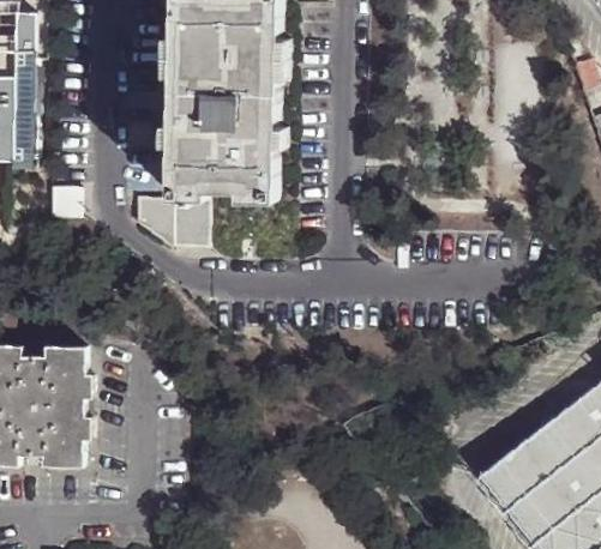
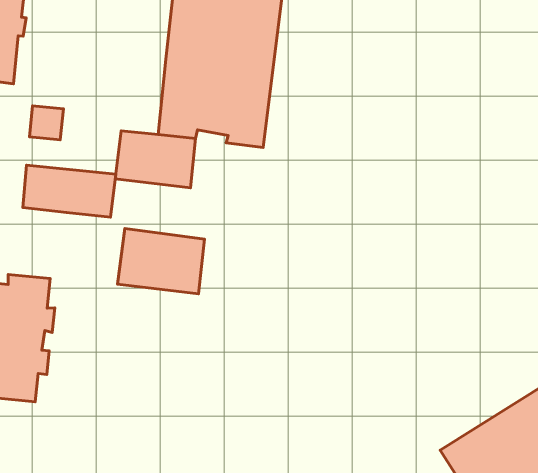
building: none -> [23,165,116,217]
building: none -> [118,229,204,294]

